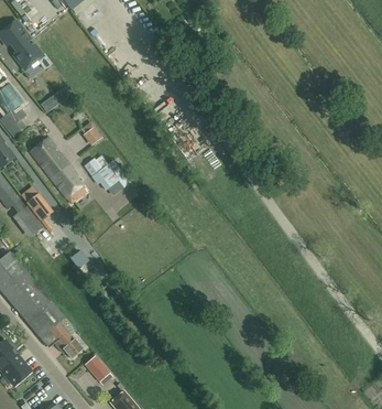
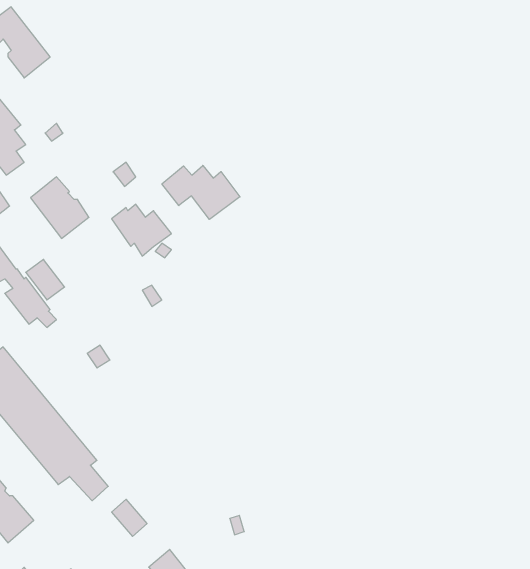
building: none -> [162,165,240,219]
building: [50,163,84,200] -> none

